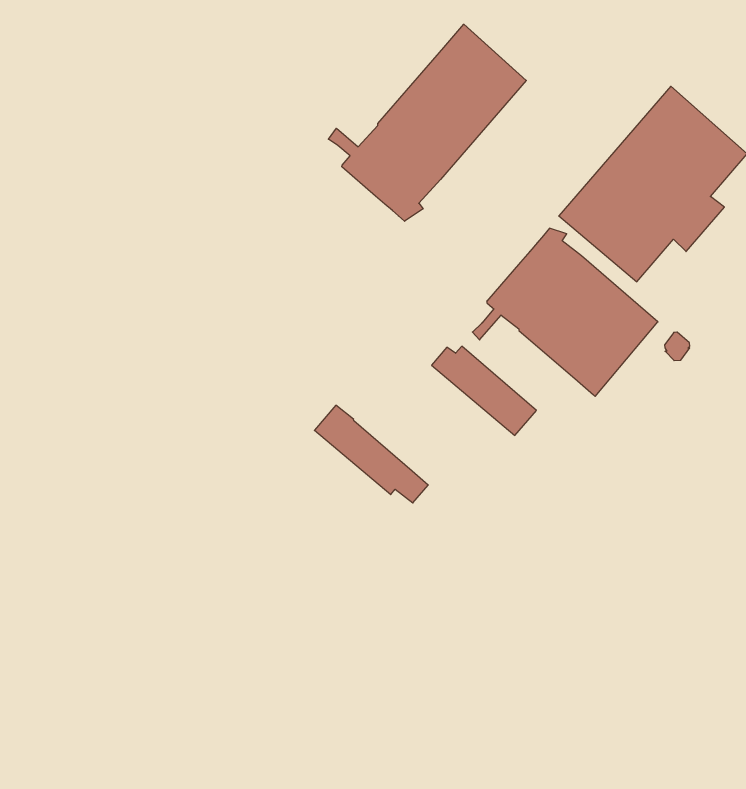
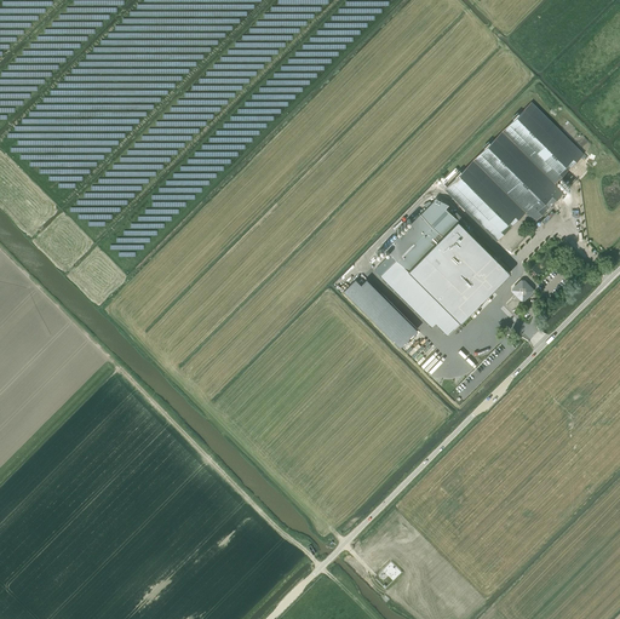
building: [328,24,526,221] -> none
building: [314,405,428,503] -> [379,259,459,334]

